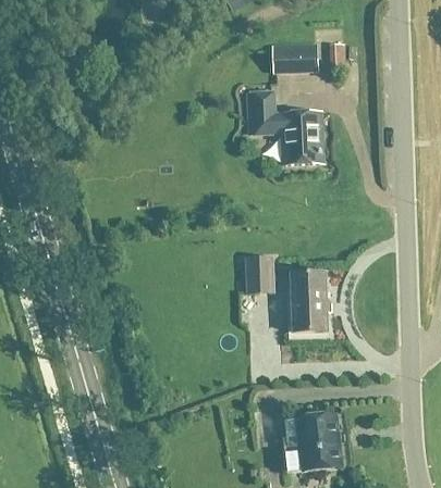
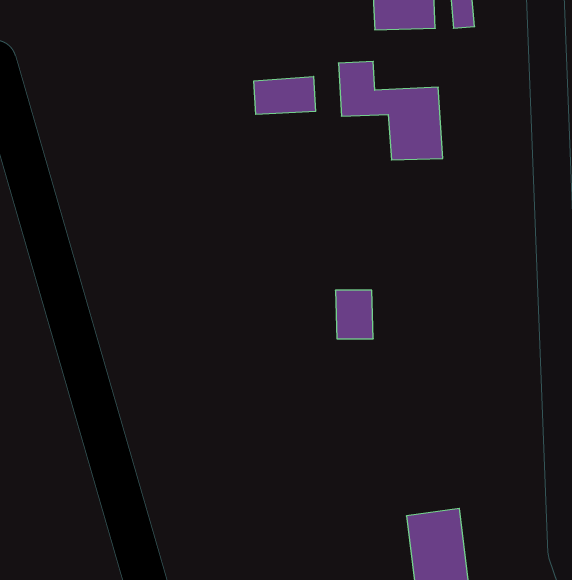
building: none -> [254,76,316,114]
building: [292,271,329,331] -> none

